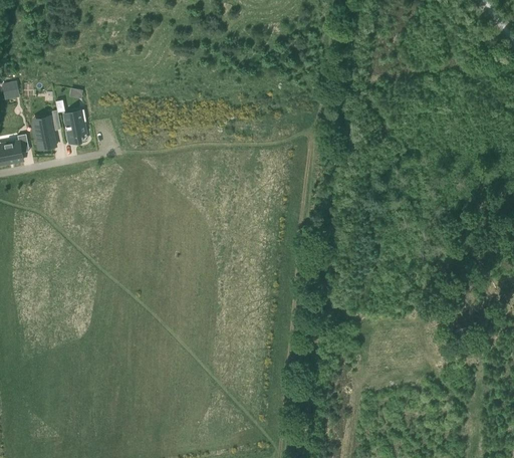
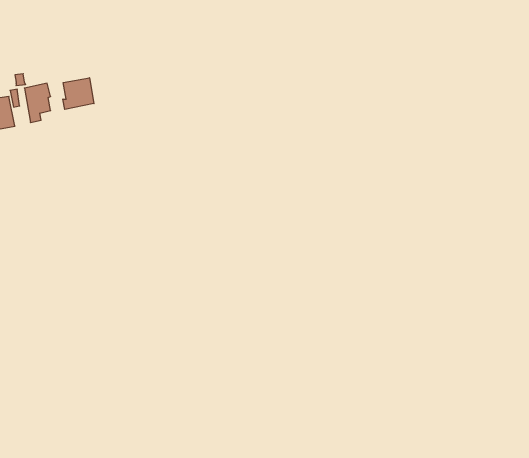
building: none -> [63,78,94,109]

